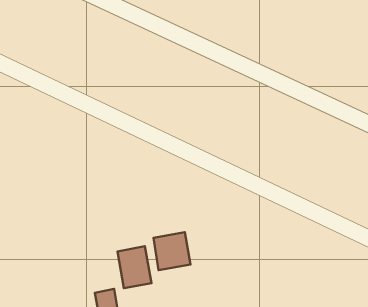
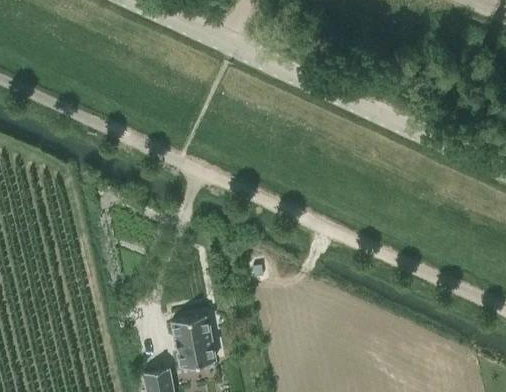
building: [153,232,190,270] -> none

